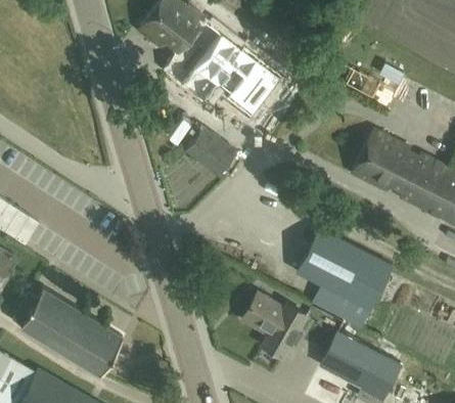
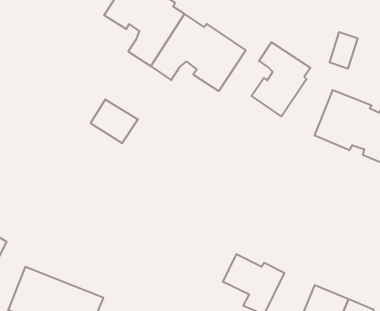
building: none -> [251,42,310,116]
building: [187,127,237,174] -> [91,100,138,143]
building: [297,228,393,328] -> none

